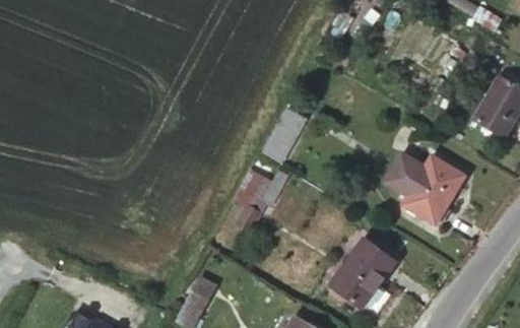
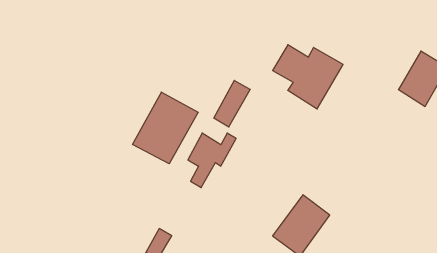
building: none -> [133,92,198,164]
building: [385,152,465,225] -> [273,45,343,109]

